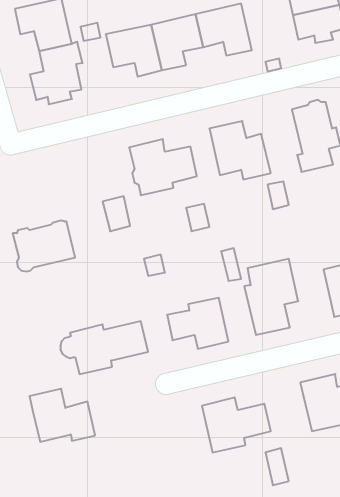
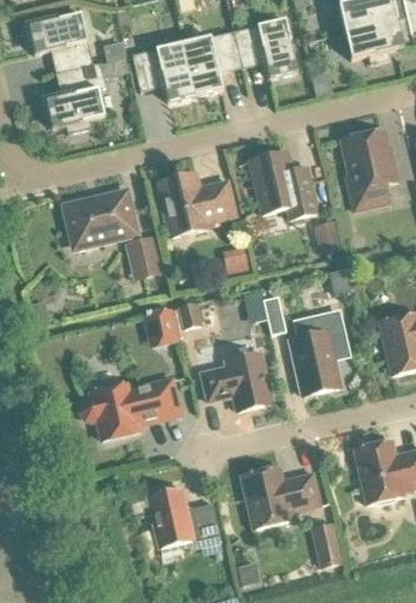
building: [13,221,75,271] -> [64,190,135,247]
building: none -> [143,309,174,345]
building: [29,389,95,442] -> [145,486,220,547]

